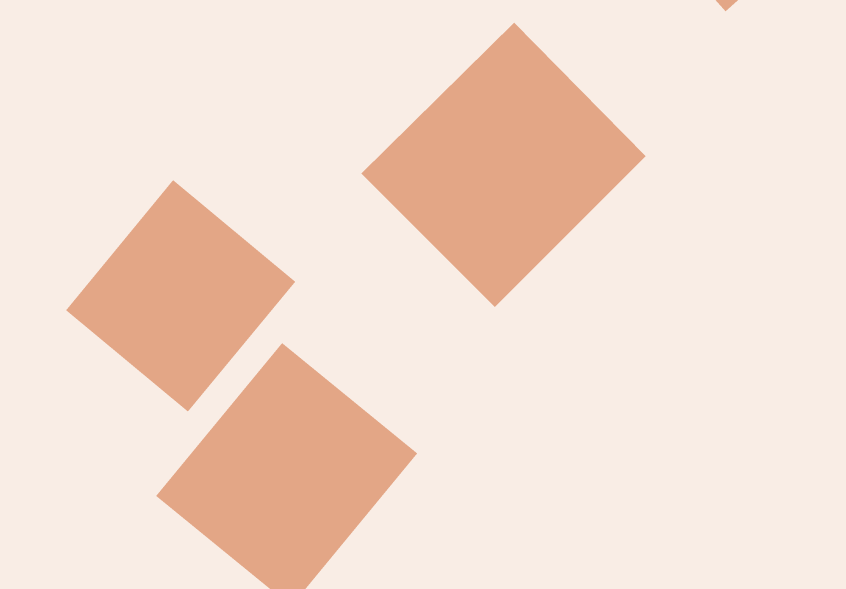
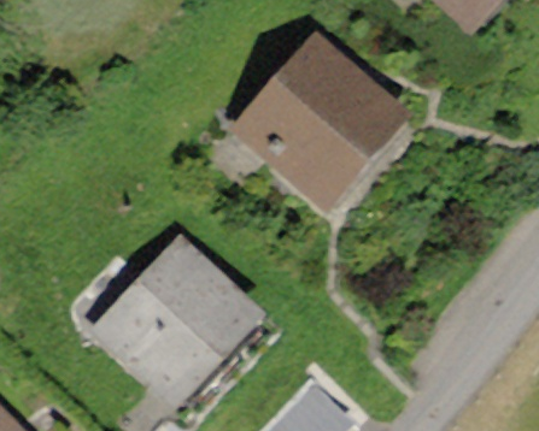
building: [65,179,296,413] -> none

